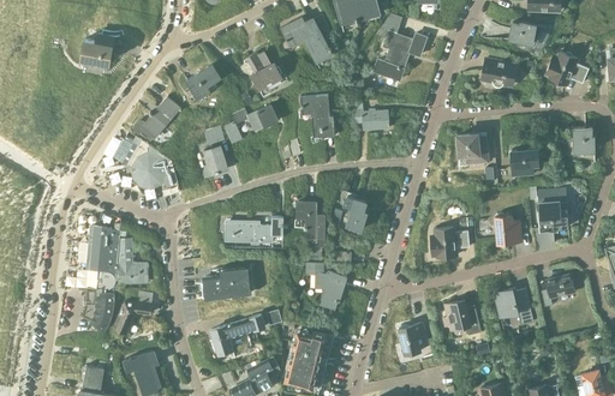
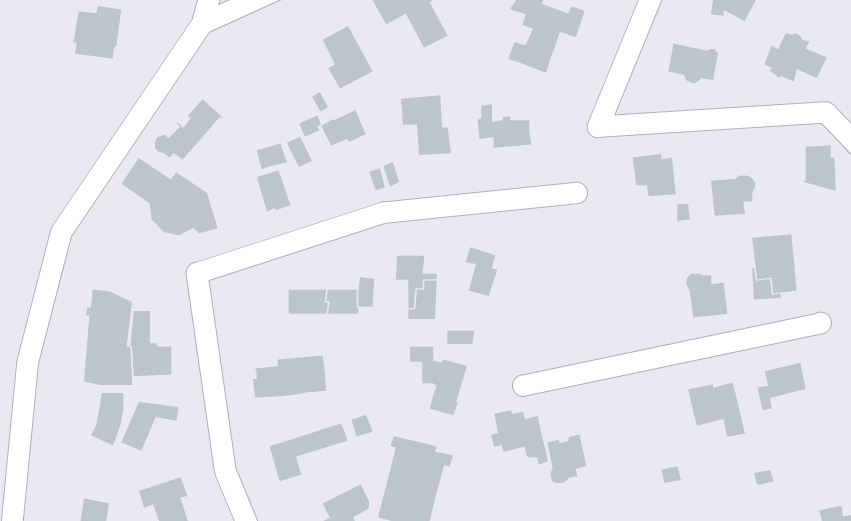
building: [186,66,217,98] -> none
building: [430,227,468,259] -> none
building: [442,299,482,338] -> [490,406,549,465]

